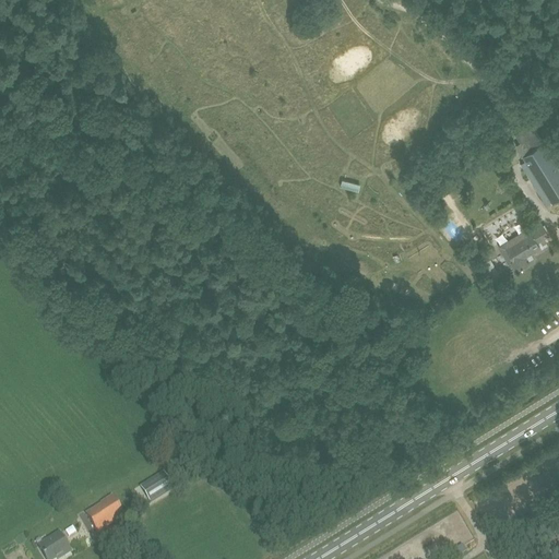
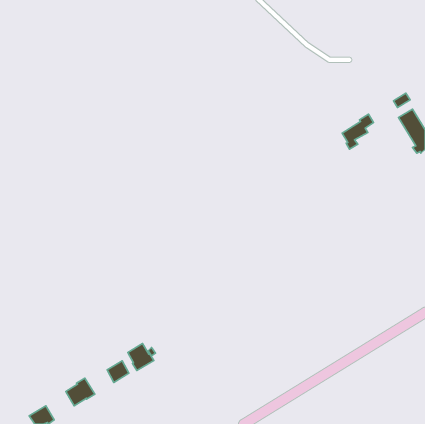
building: [507,222,548,267] -> [342,114,374,149]
building: none -> [128,343,154,371]

